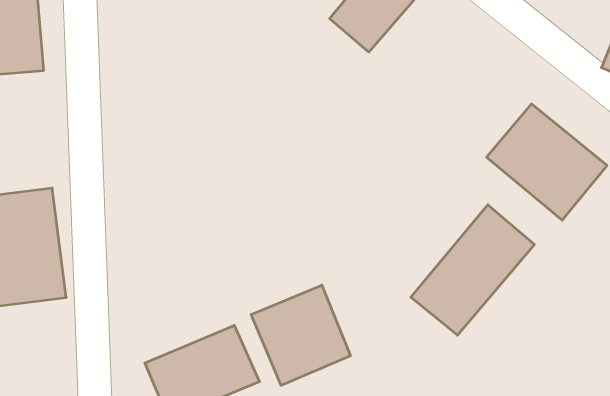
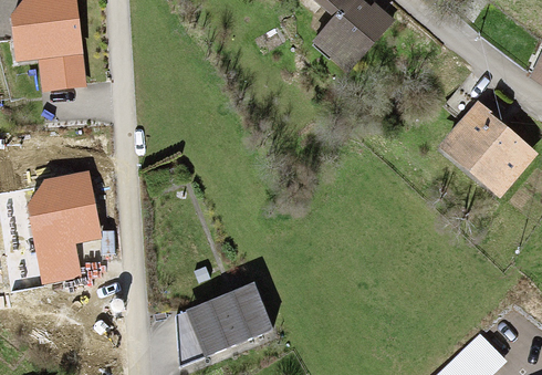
building: [411,205,534,335] -> none
building: [251,285,350,385] -> none

